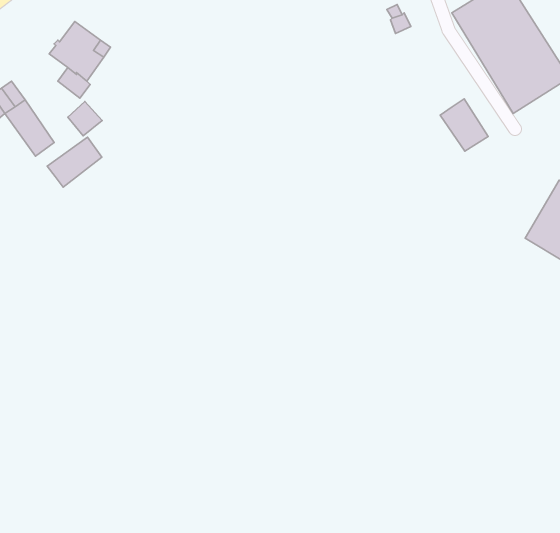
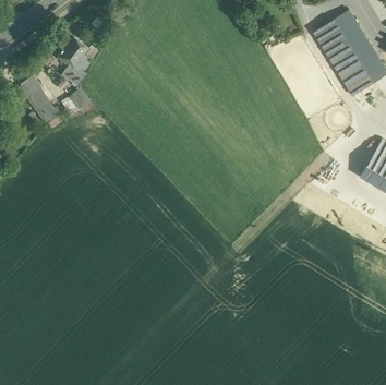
building: [440,99,488,151] -> none
building: [47,137,102,187] -> none

